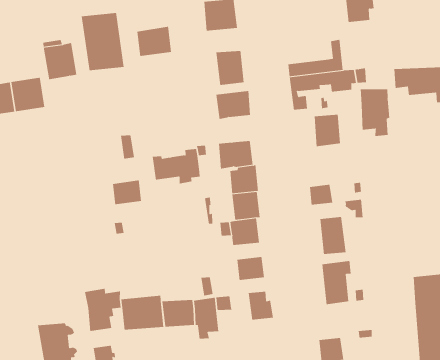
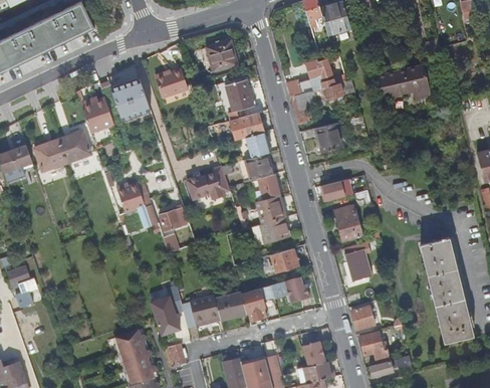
building: [360,89,390,137] -> none
building: none -> [245,133,269,158]
building: none -> [117,182,158,227]

